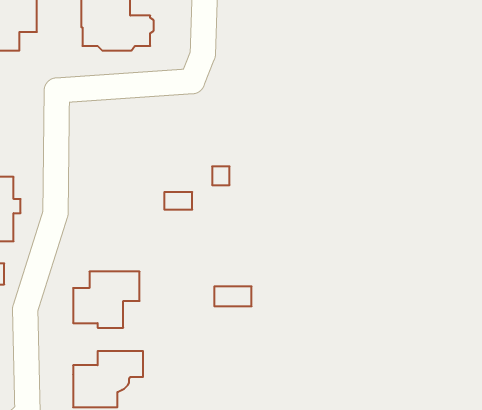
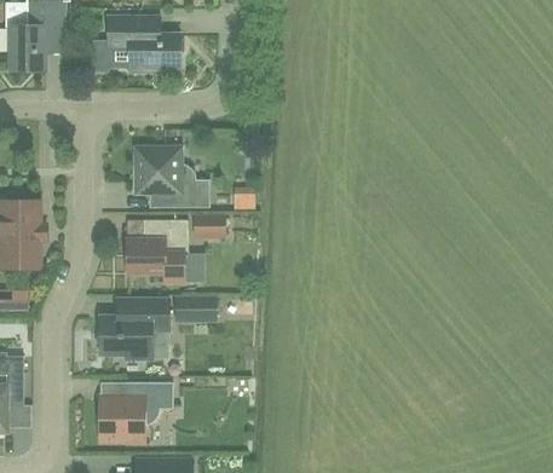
building: none -> [136,146,208,207]
building: none -> [126,219,186,281]
building: [214,286,252,306] -> [175,298,214,318]

